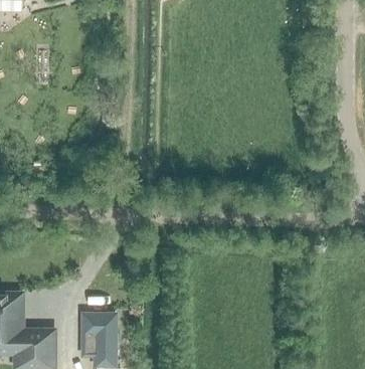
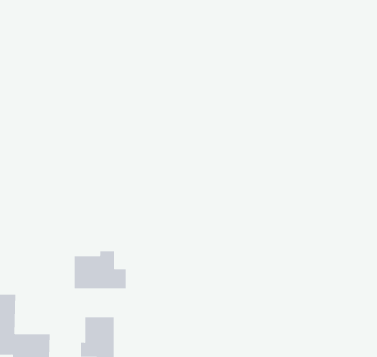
building: none -> [74,251,126,289]

